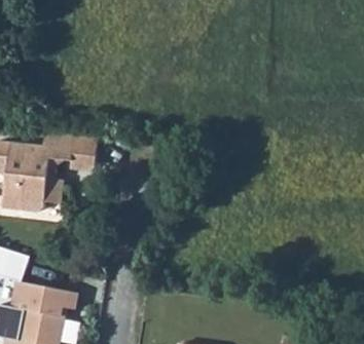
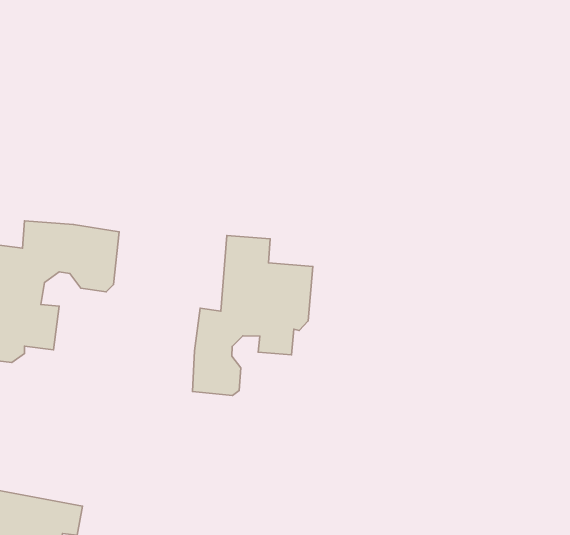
building: none -> [192,236,313,396]

